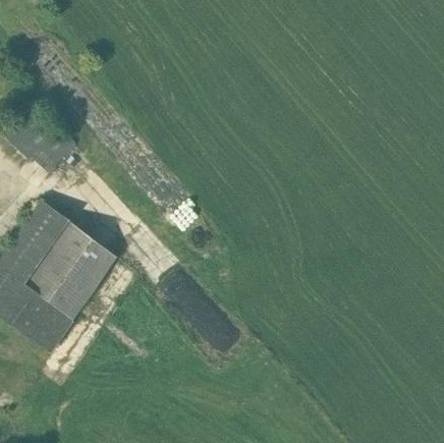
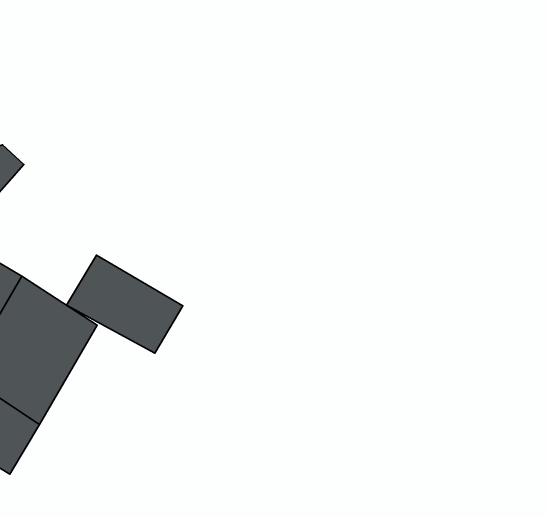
building: none -> [66,255,183,353]

